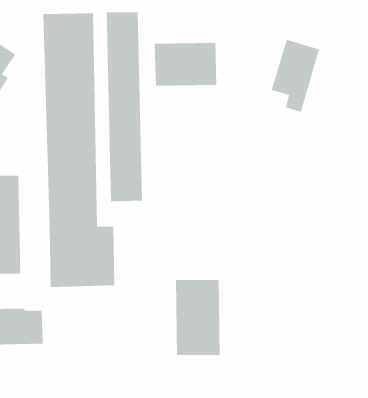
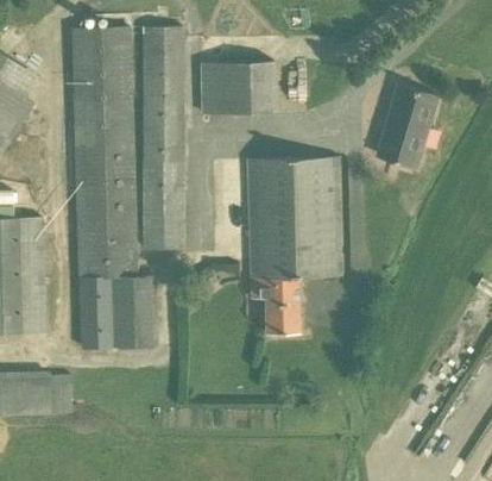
building: [271,39,320,113] -> [379,85,436,170]
building: none -> [246,158,338,335]
building: [175,279,220,356] -> none

